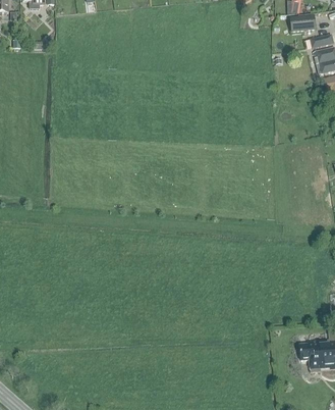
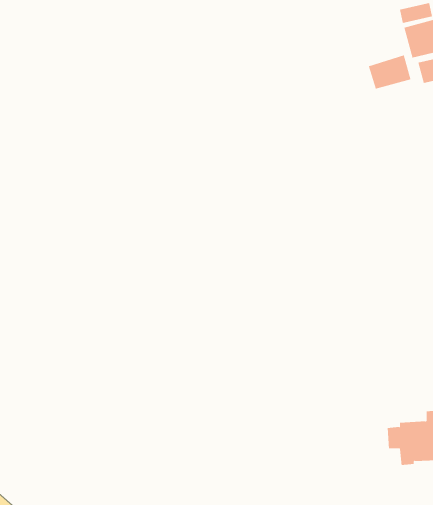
building: none -> [368,55,411,90]

